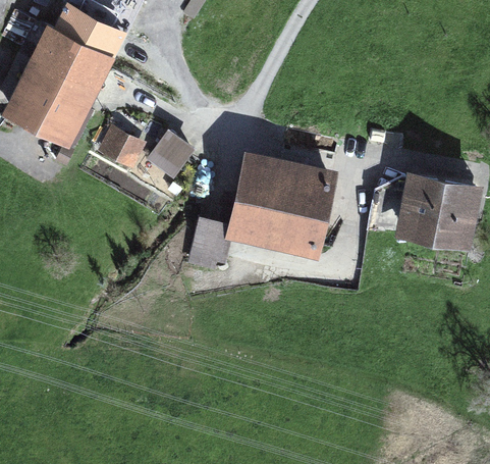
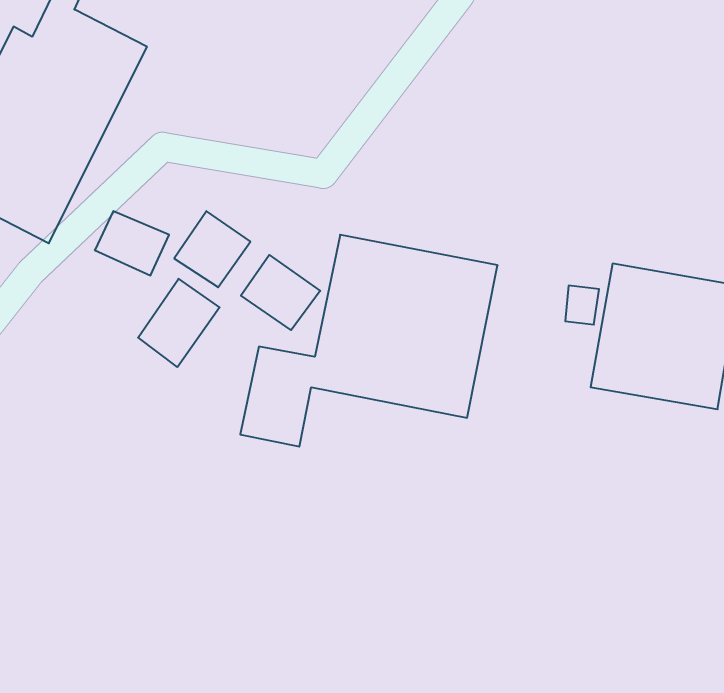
building: none -> [241,255,320,330]
building: none -> [138,279,220,367]

